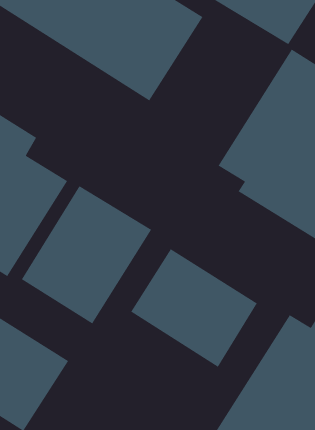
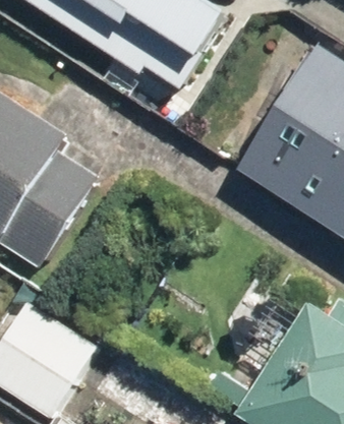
building: [21,185,152,324] -> none
building: [130,248,258,368] -> none

